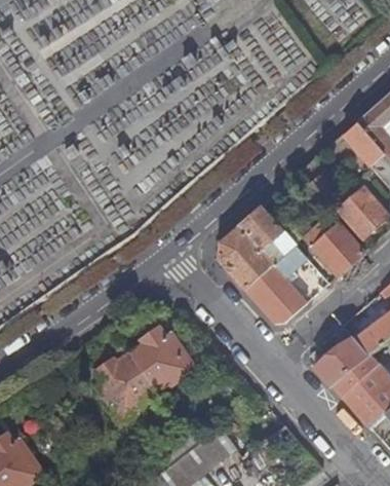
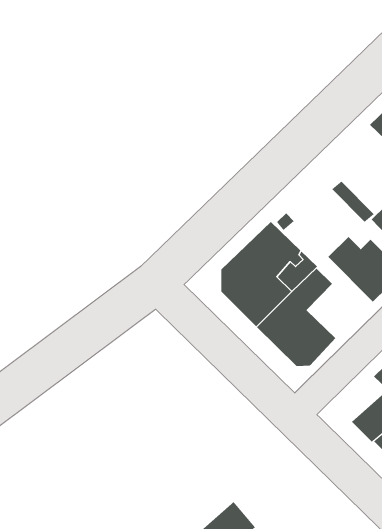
building: [96,329,195,420] -> none

